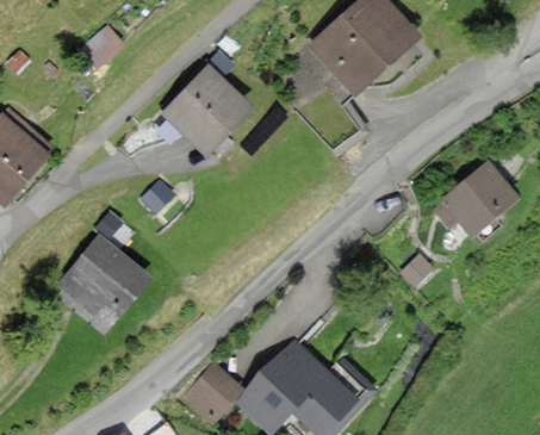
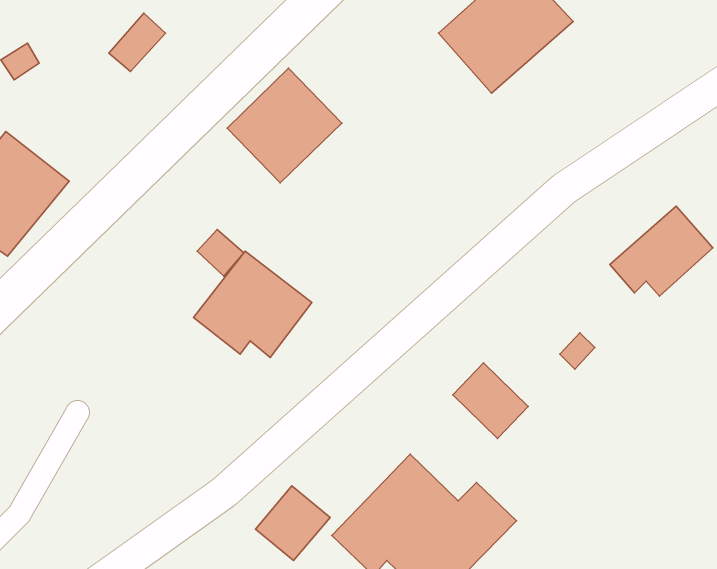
building: [62,238,147,315] -> [194,251,312,358]
building: none -> [453,363,528,438]

